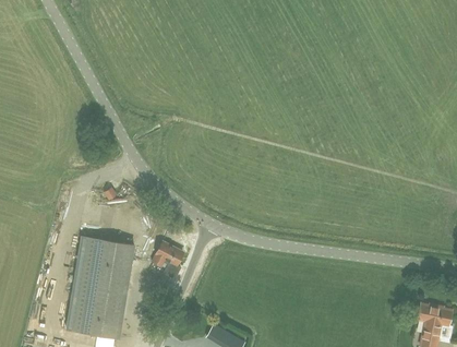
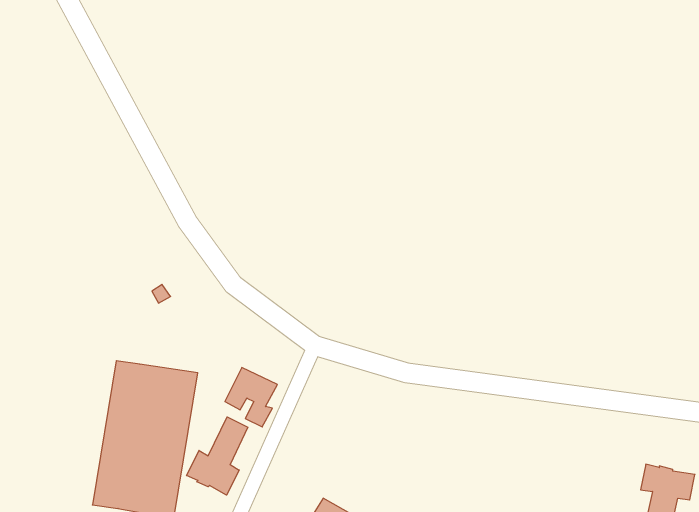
building: none -> [187,417,248,495]

